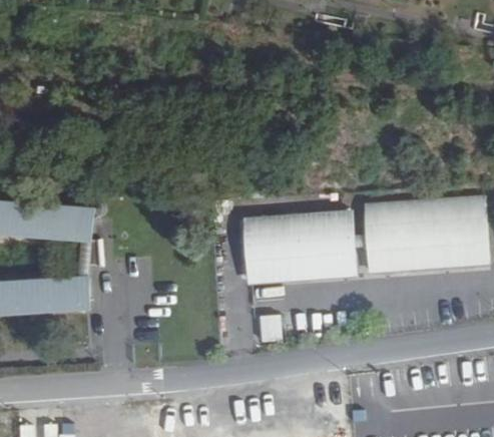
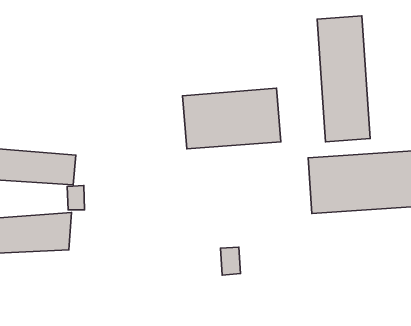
building: none -> [317,16,370,142]
building: [242,210,356,281] -> [182,88,281,149]

